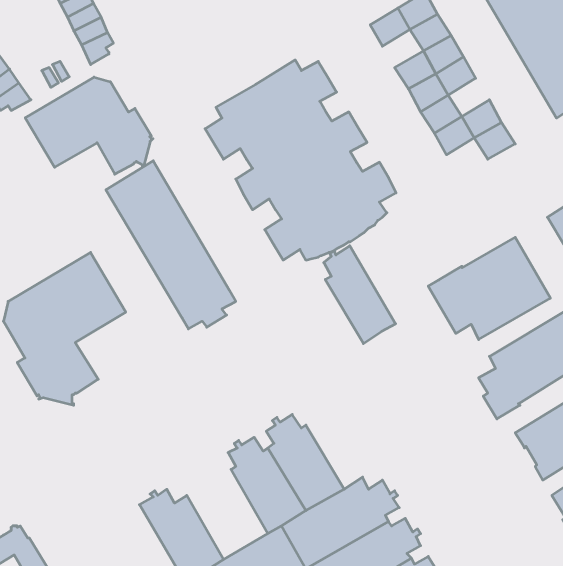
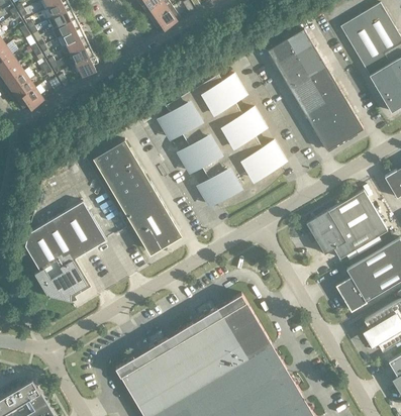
building: none -> [276,54,303,79]
building: [25,77,153,174] -> none
building: none -> [319,86,346,111]
building: none -> [318,125,345,150]
building: [324,246,396,344] -> [224,293,272,357]
building: none -> [146,338,200,404]

